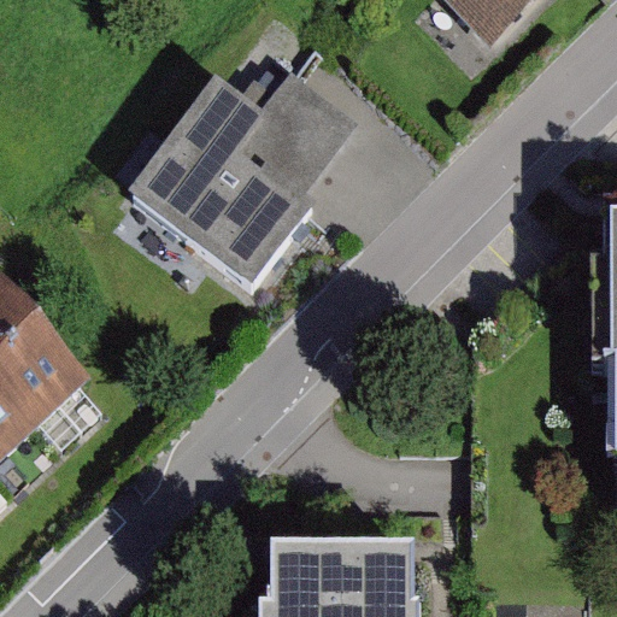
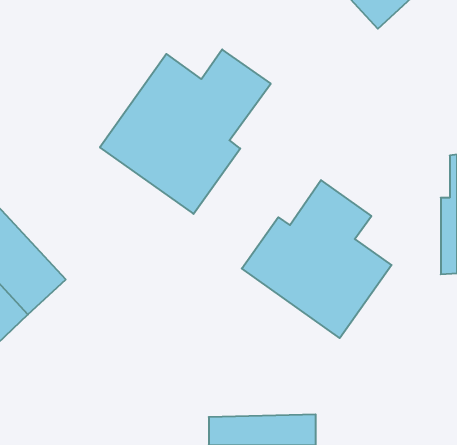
building: none -> [242,180,392,338]

